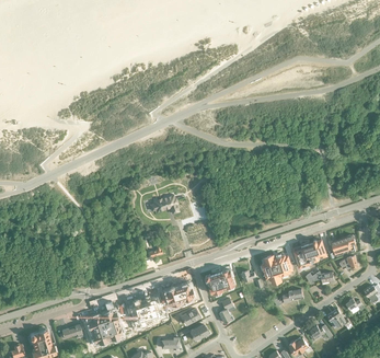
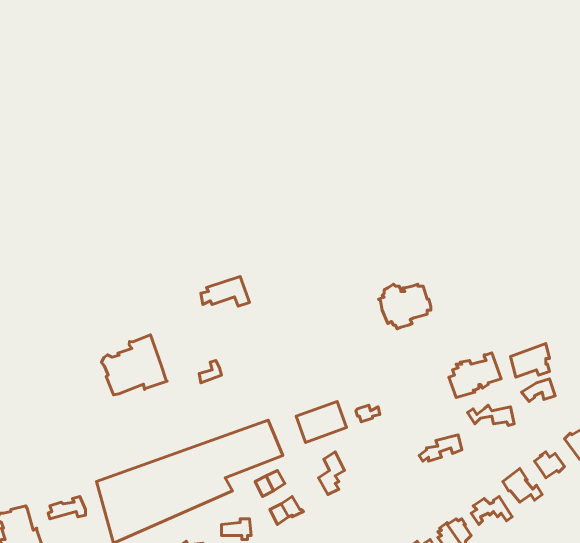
building: none -> [102,335,167,395]
building: [261,255,291,281] -> [379,284,431,329]

